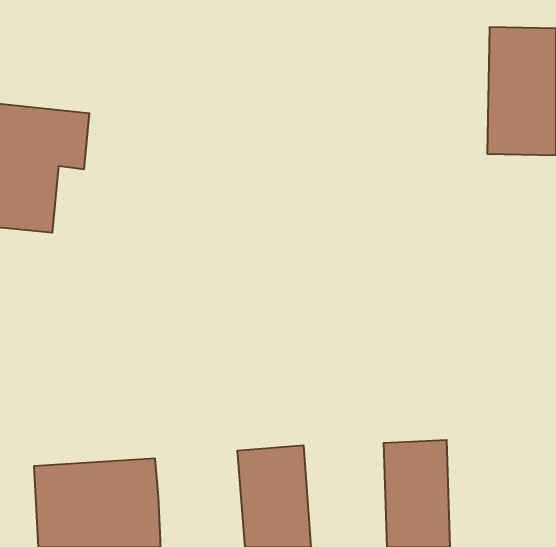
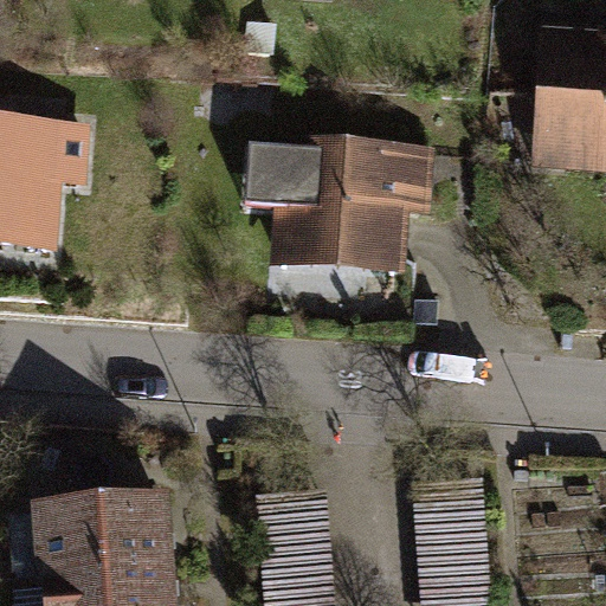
building: none -> [238,135,439,286]

